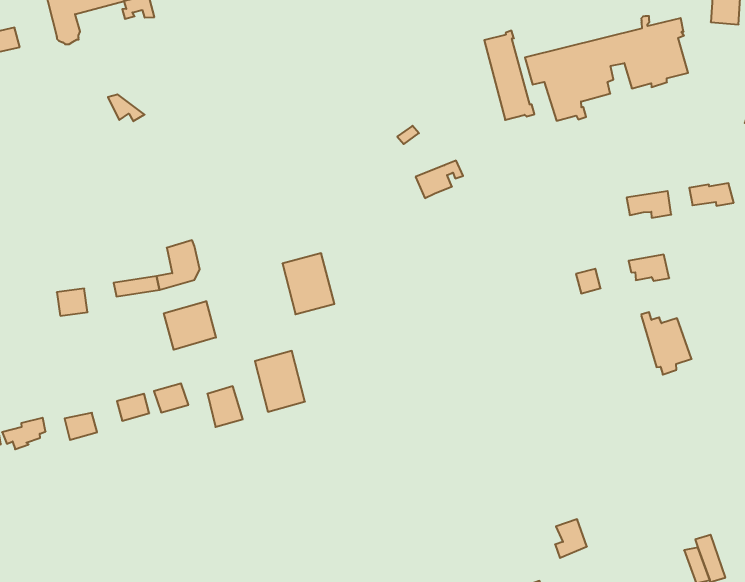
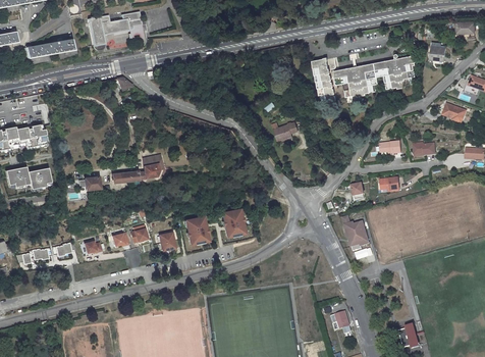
building: [282,253,334,314] -> [221,208,247,239]
building: [164,301,216,350] -> none
building: [641,312,692,375] -> [344,217,369,250]

